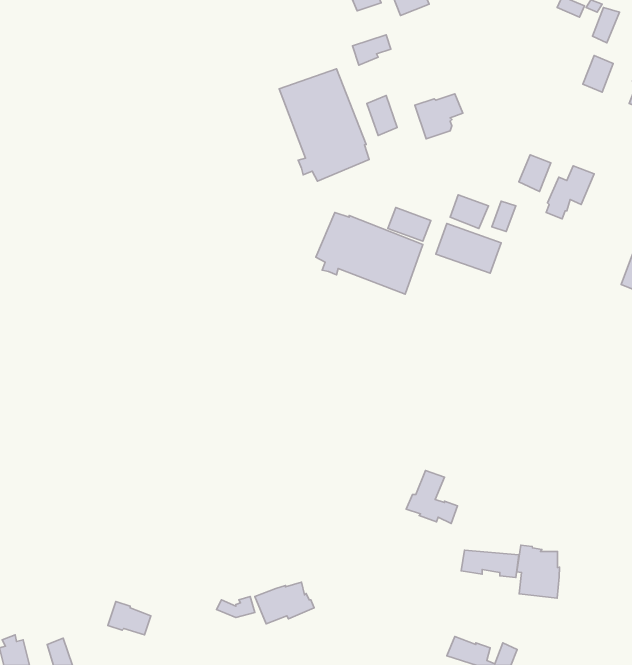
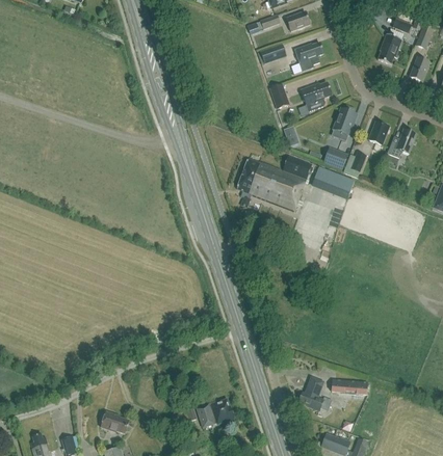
building: none -> [377,32,401,63]
building: none -> [294,42,323,70]
building: [279,69,369,181] -> none
building: none -> [334,107,356,140]
building: [406,471,457,523] -> [298,376,332,410]
building: [517,545,560,598] -> none

